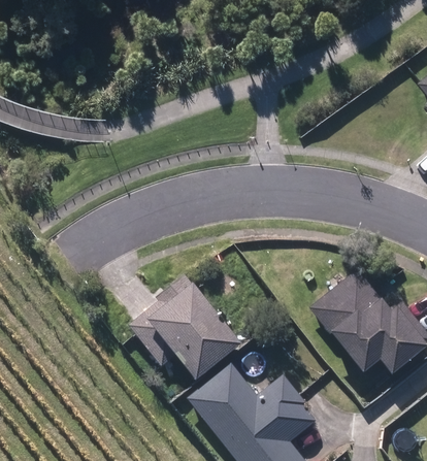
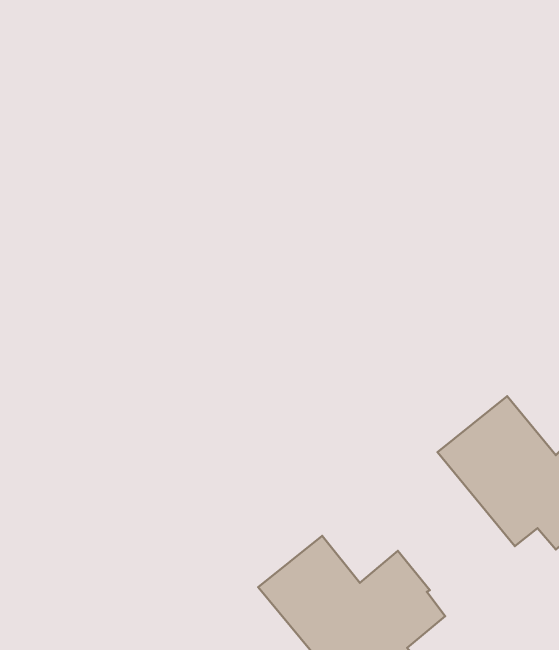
building: [135,275,238,373] -> none

